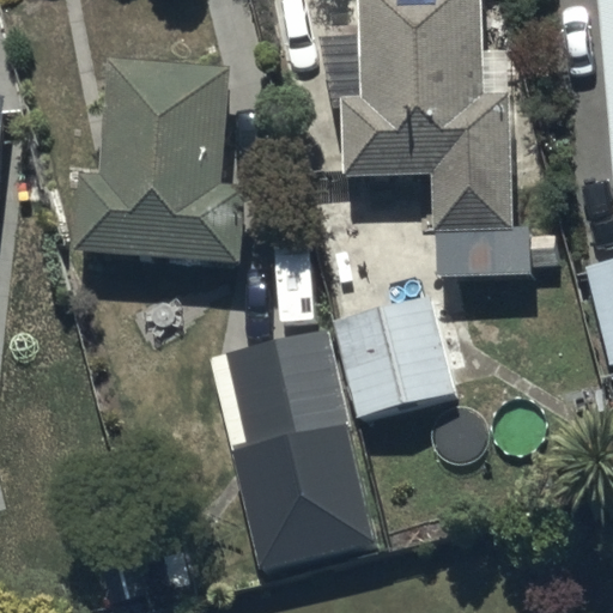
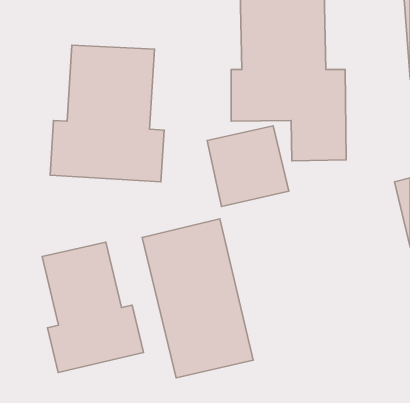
building: [333,292,454,412] -> [207,126,289,207]
building: none -> [42,242,143,372]

